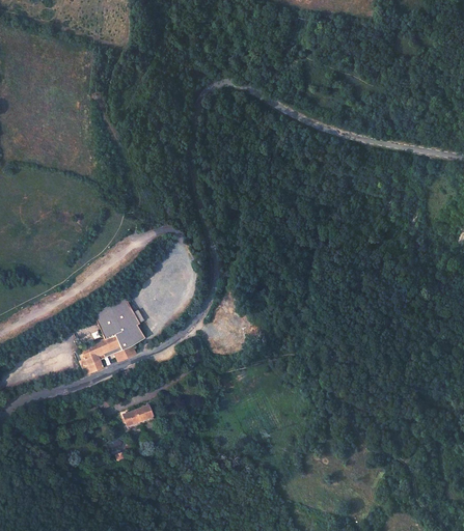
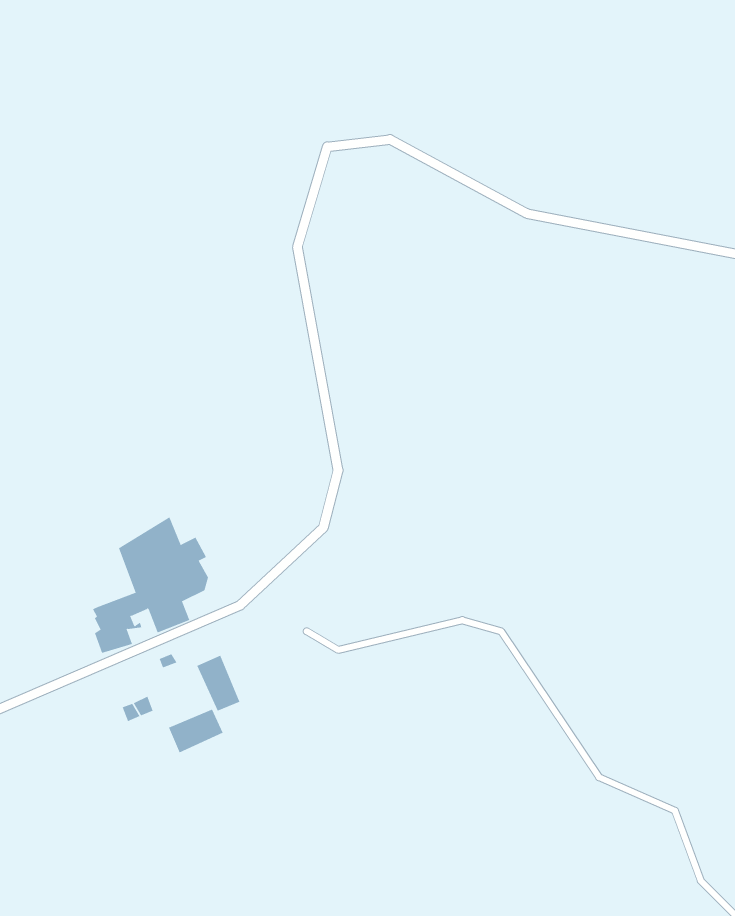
building: none -> [197,655,240,712]

